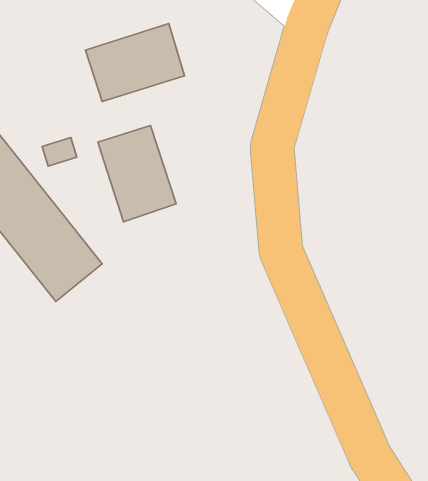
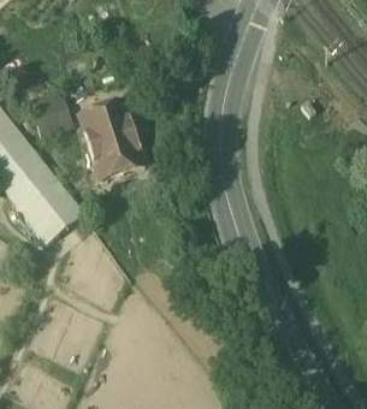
building: [85,23,184,102] -> none

